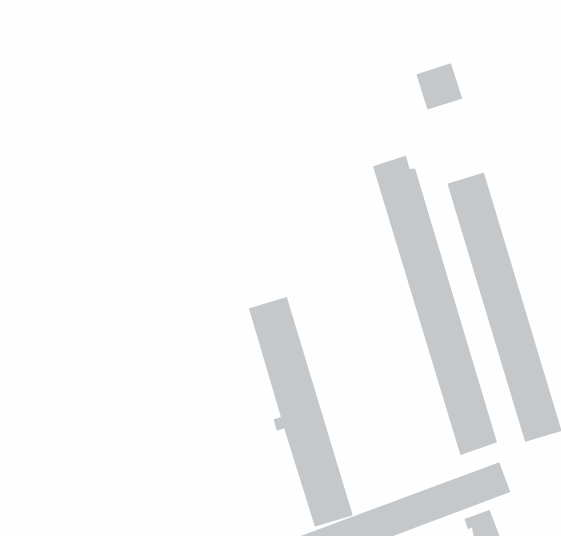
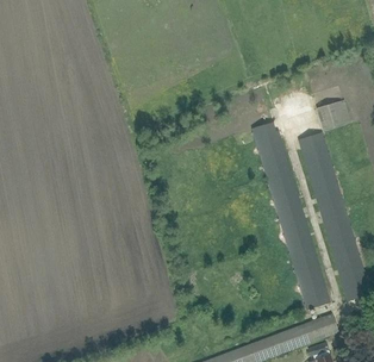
building: [415,63,463,110] -> [316,101,345,131]
building: [248,296,354,528] -> none

